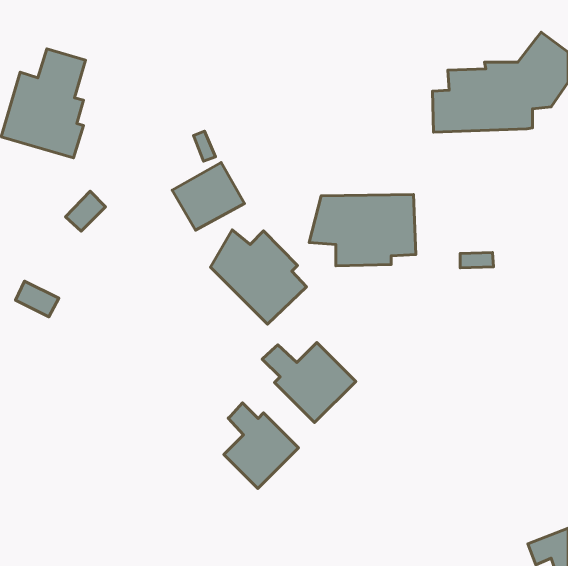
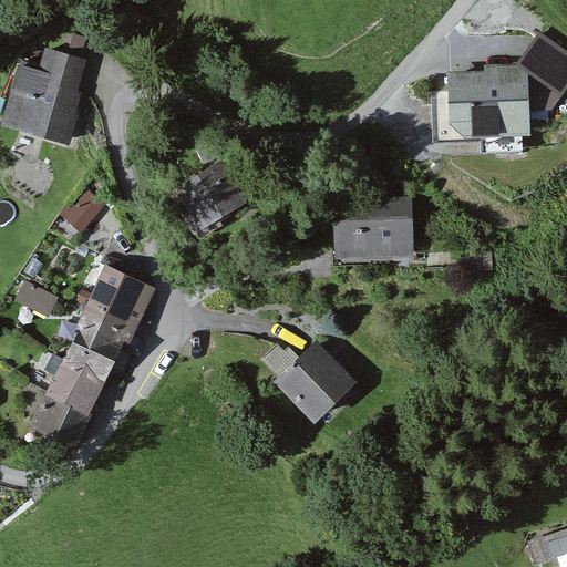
building: [210,230,307,324] -> none
building: none -> [30,261,158,445]
building: [224,403,298,488] -> none

